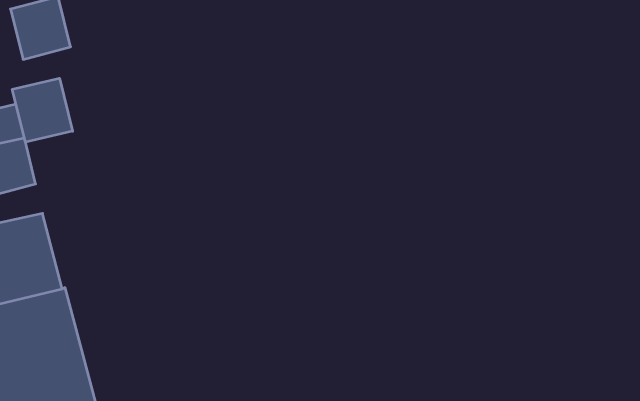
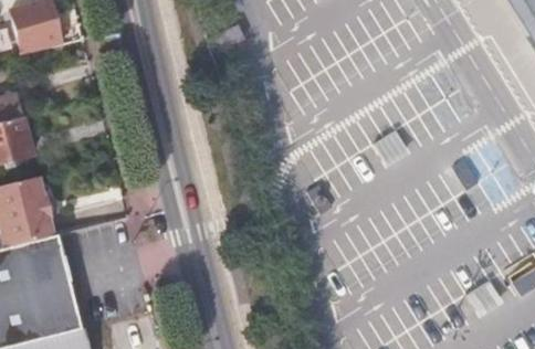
building: [12,78,73,142] -> none

